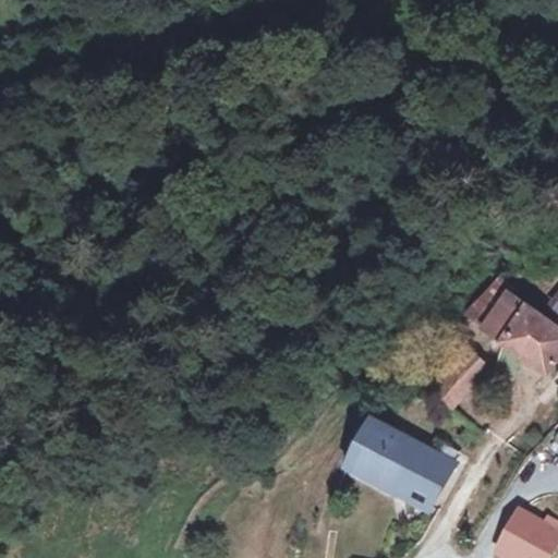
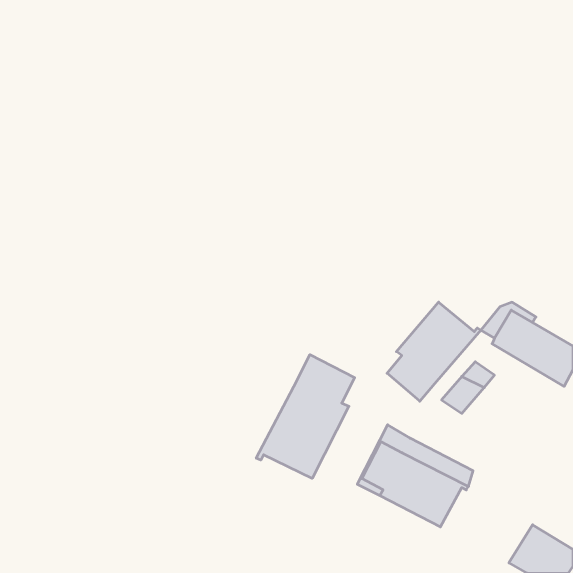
building: none -> [387,302,481,401]
building: none -> [256,355,355,478]

